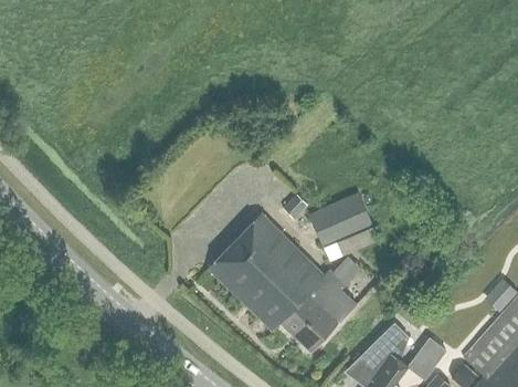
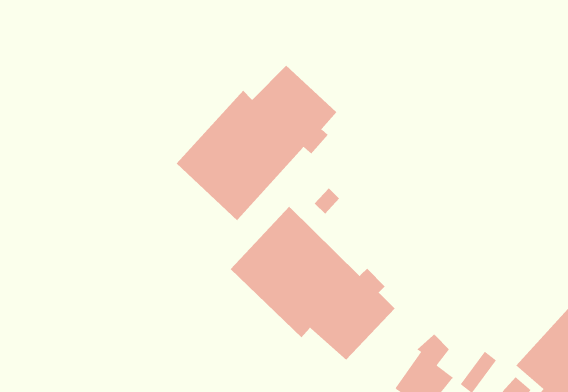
building: none -> [176,65,337,221]
building: [309,193,379,261] -> none

